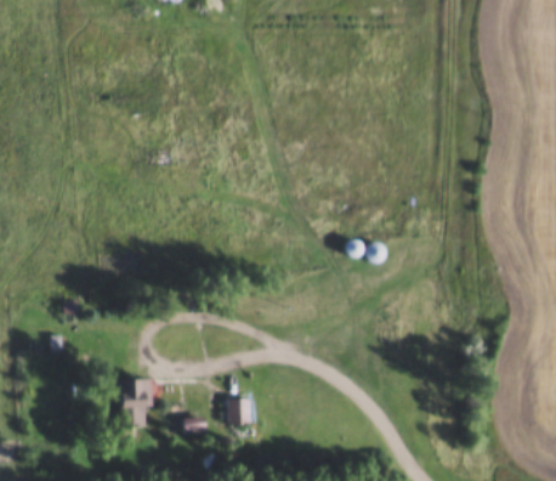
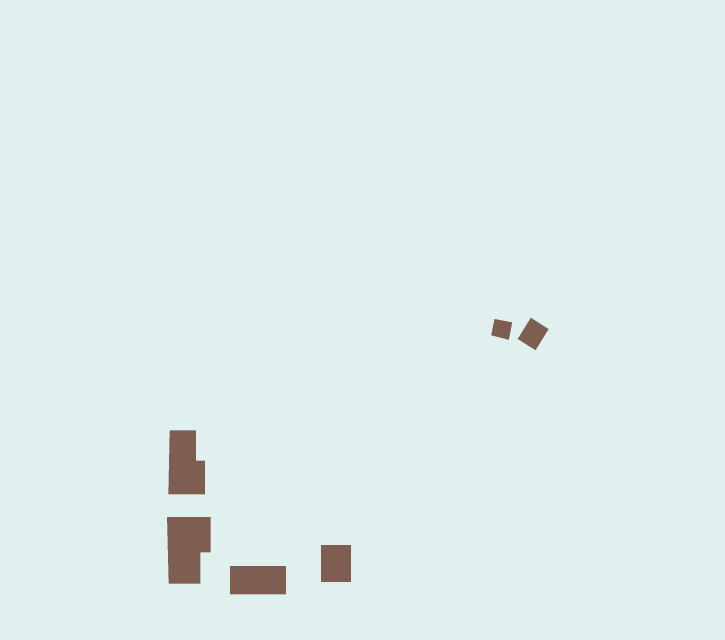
building: none -> [167,430,206,495]

